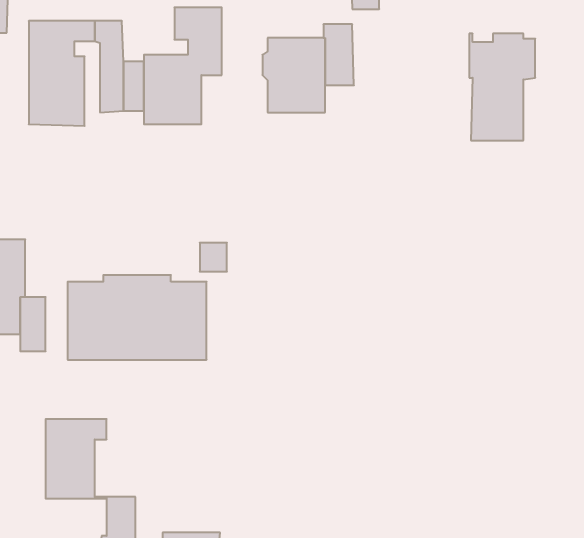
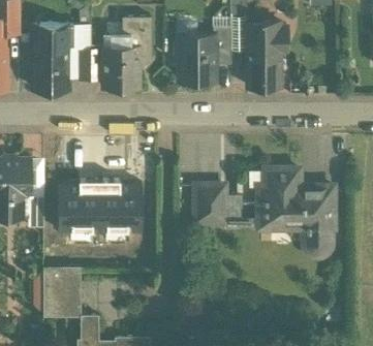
building: [469,34,535,140] -> [246,24,286,89]
building: none -> [258,169,333,256]
building: none -> [195,187,240,228]

